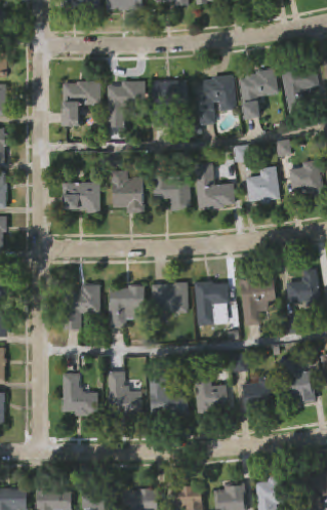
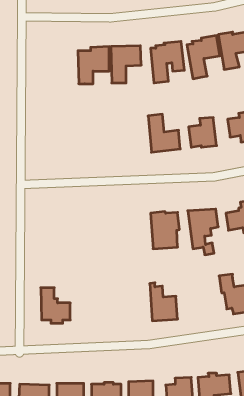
building: [64,81,101,126] -> none
building: [109,170,141,212] -> none
building: [150,171,189,210] -> none
building: [63,183,100,212] -> none
building: [153,282,189,314] -> none
building: [65,285,101,330] -> none
building: [110,285,146,327] -> none
building: [109,371,141,417] -> none
building: [243,372,275,410] -> none
building: [150,377,189,416] -> none

